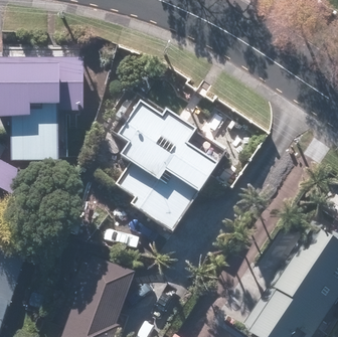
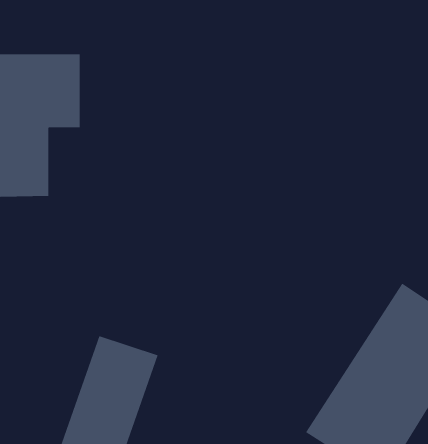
building: [117,103,218,230] -> none

